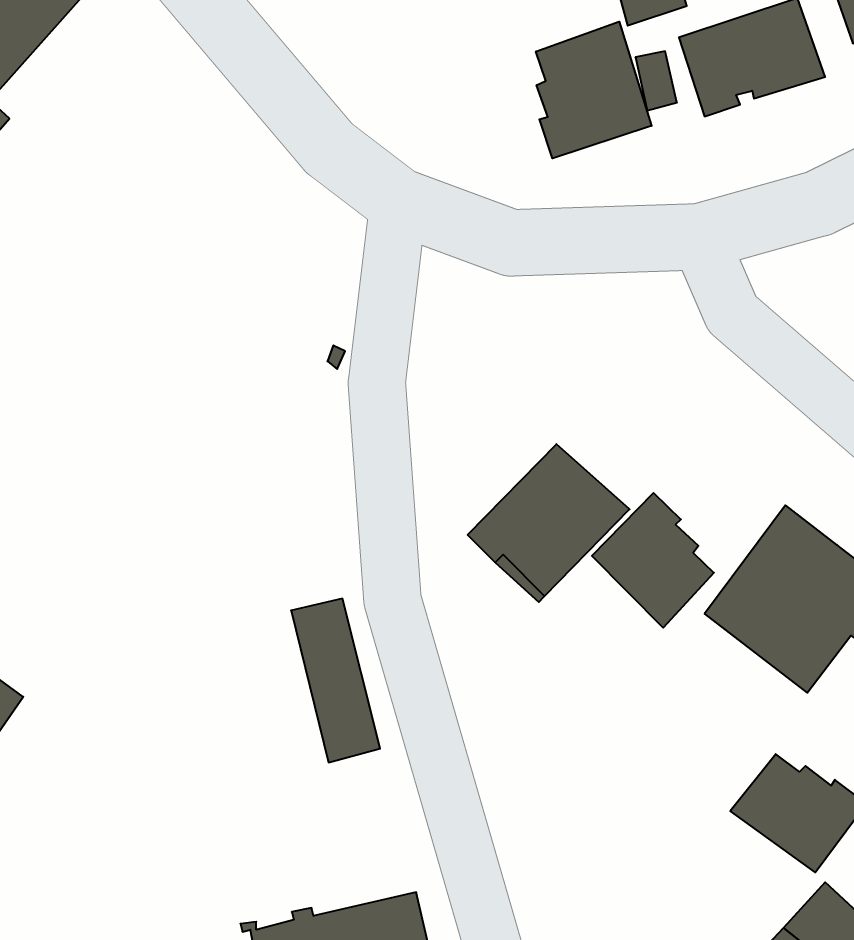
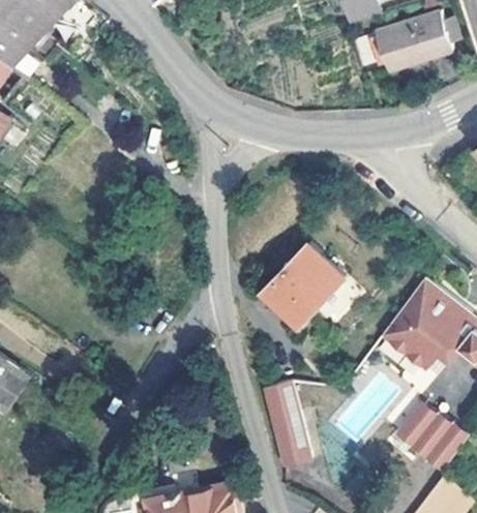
building: [536,22,652,158] -> none
building: [592,493,714,628] -> none
building: [291,599,380,762] -> [265,380,311,465]

